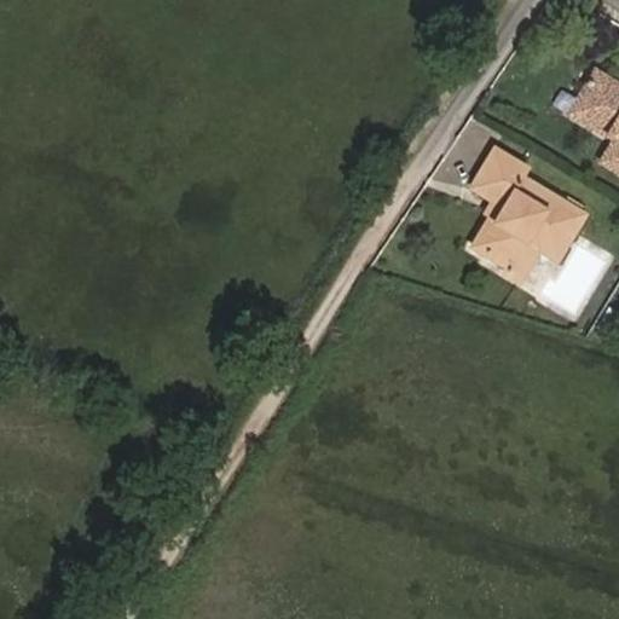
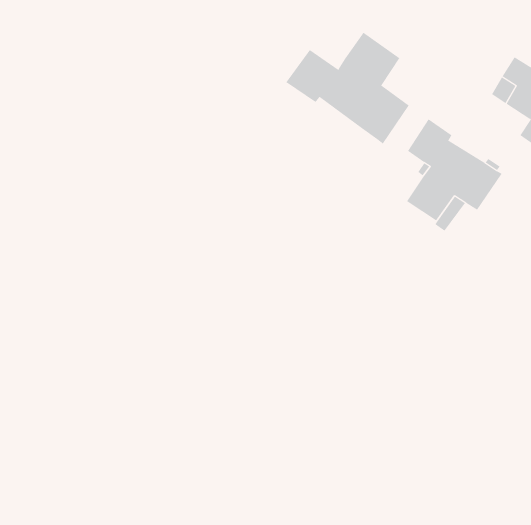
building: none -> [285,32,410,144]

